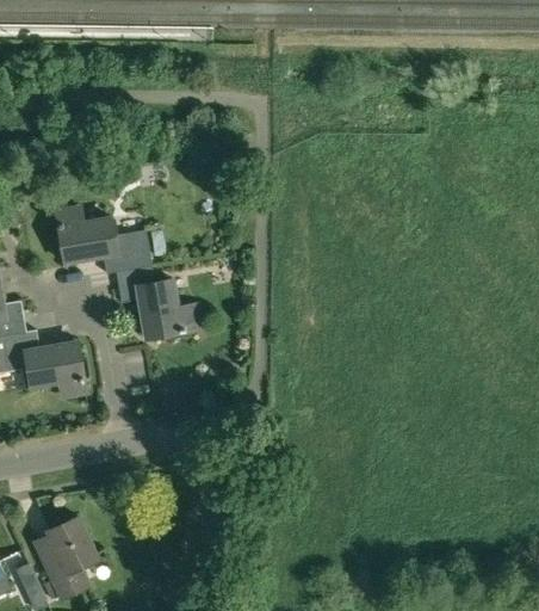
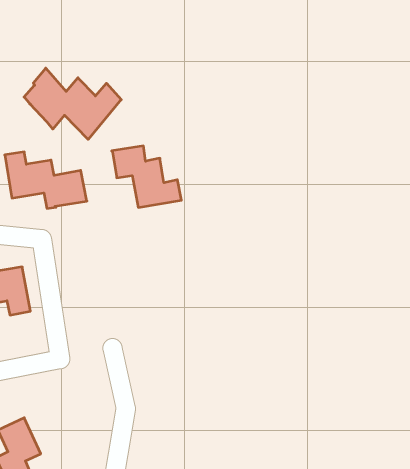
building: none -> [24,68,121,139]
building: [114,265,196,337] -> [112,146,181,207]

